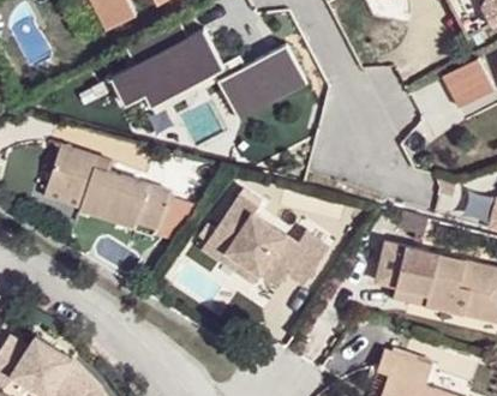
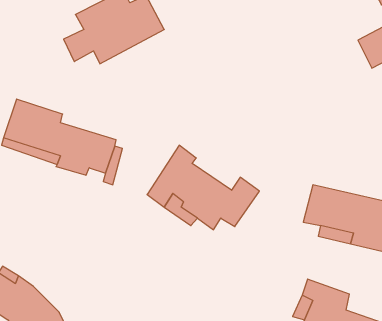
building: [216,47,307,125] -> none

